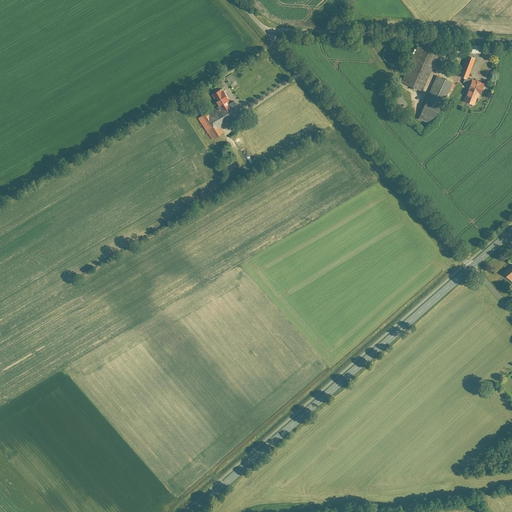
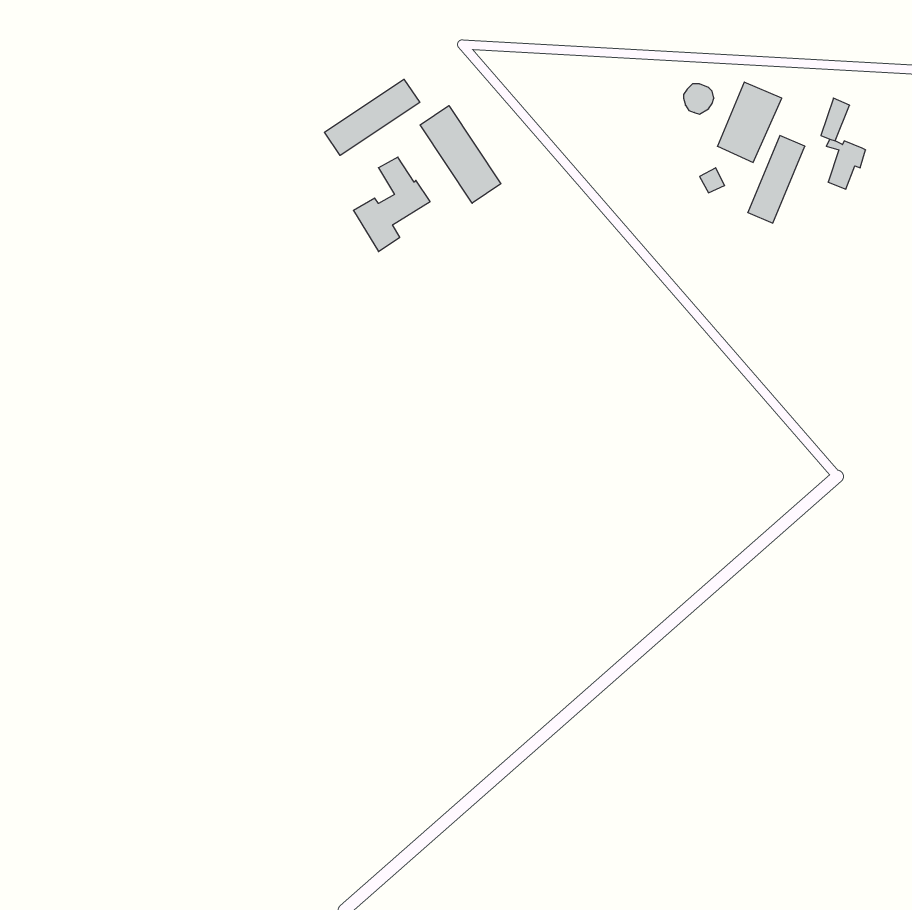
building: none -> [324,79,420,155]
building: none -> [420,106,501,203]

